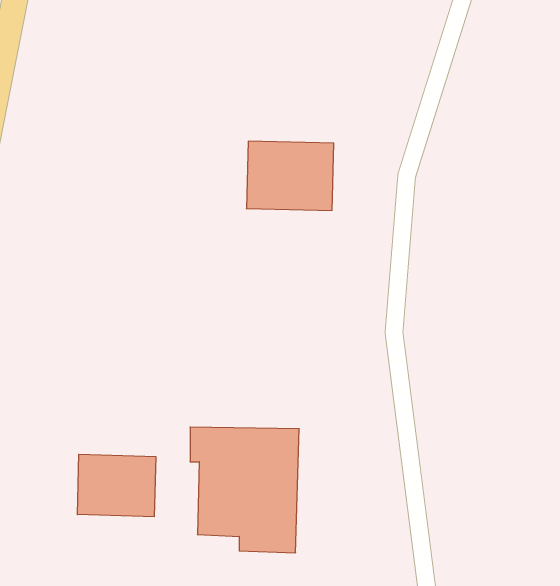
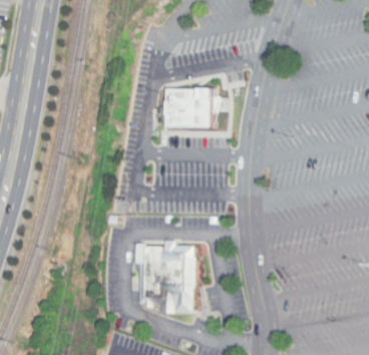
building: [77,454,156,517] -> none

